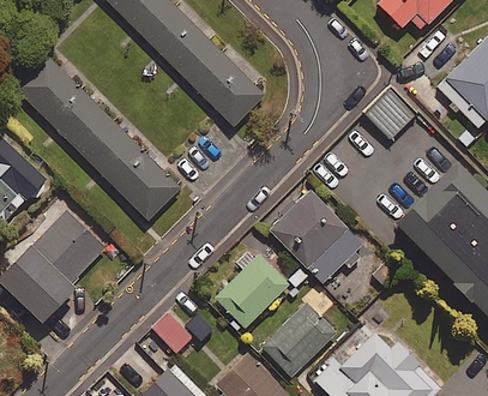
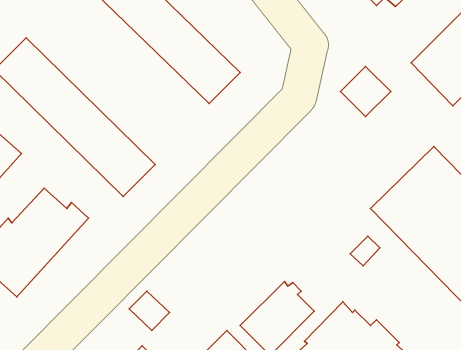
building: [270,188,366,284] -> none
building: [215,252,291,330] -> none

